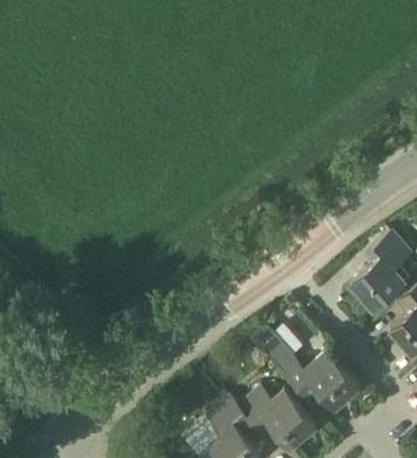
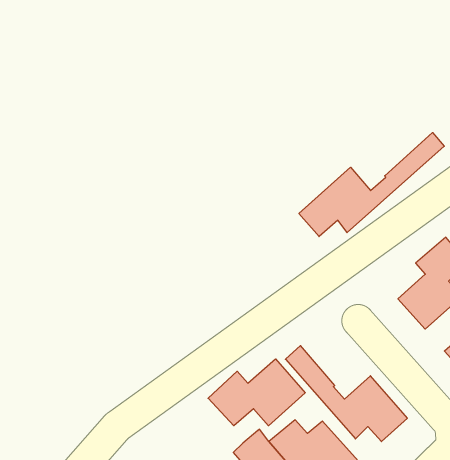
building: none -> [299,133,444,237]
building: none -> [208,359,305,426]

